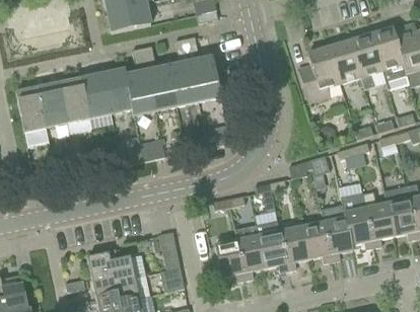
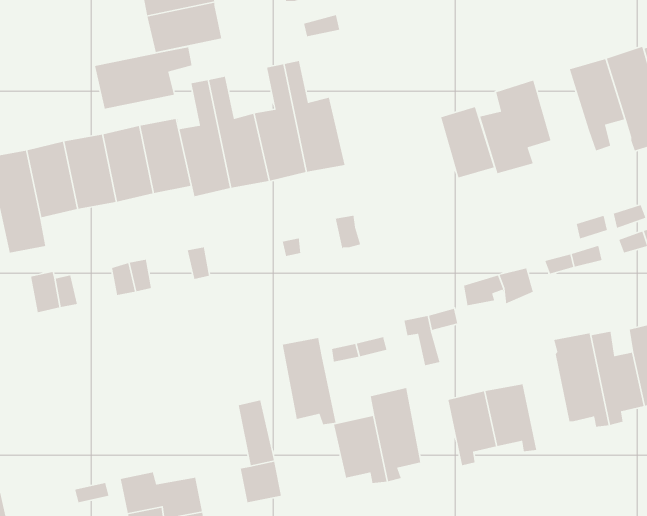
building: none -> [94,47,192,109]
building: [330,41,361,82] -> [440,106,495,178]
building: [321,205,353,260] -> none
building: [257,220,288,270] -> [282,337,337,425]
building: [87,250,135,280] -> none

